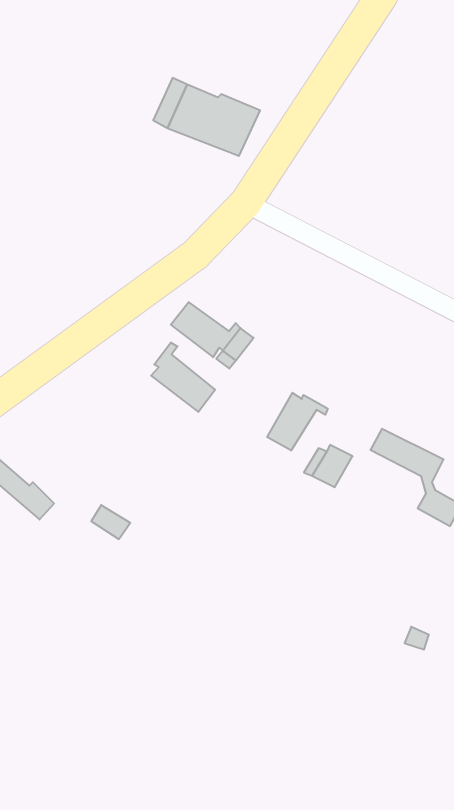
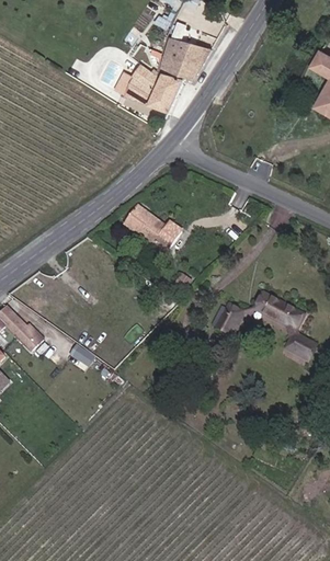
building: none -> [156,31,207,81]
building: [151,342,215,412] -> none
building: [267,393,328,451] -> none

